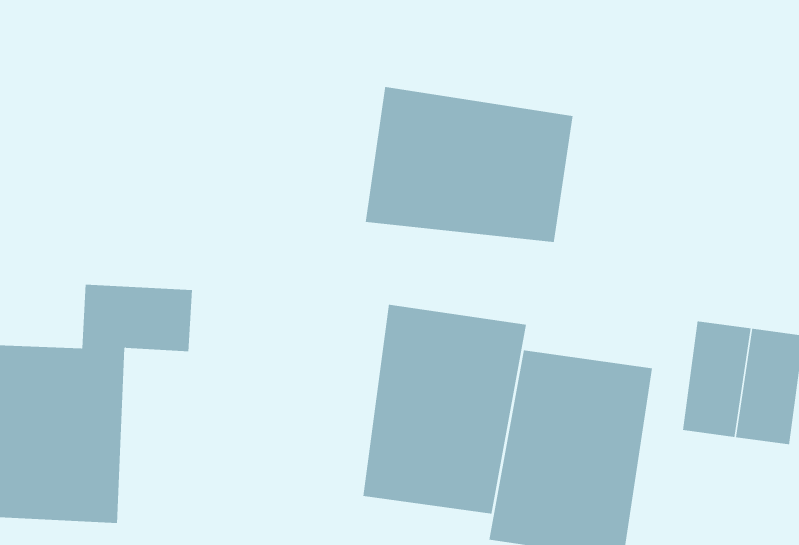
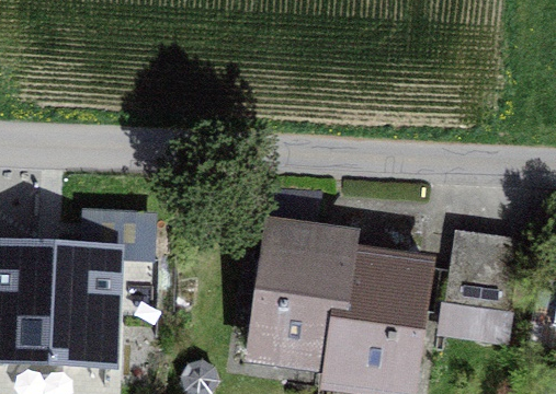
building: [365,86,573,243] -> none

